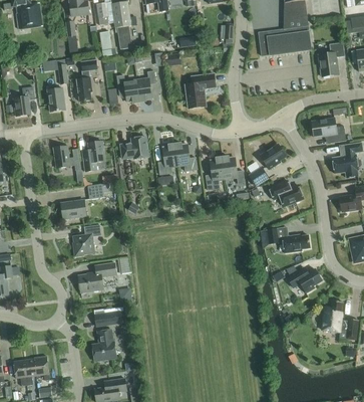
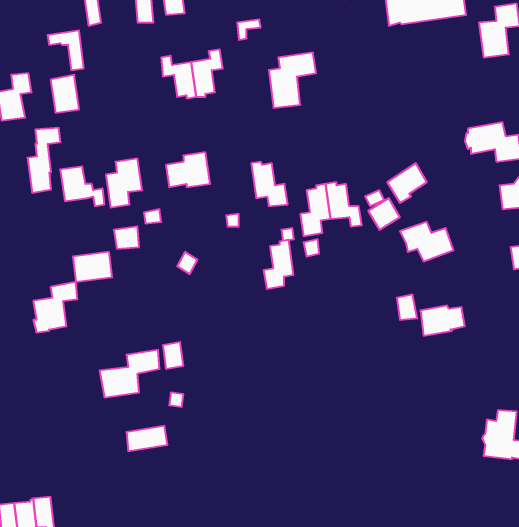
building: [76,60,97,102] -> [27,128,61,193]
building: [158,144,177,175] -> [264,240,294,289]
building: [73,224,101,256] -> [33,282,77,333]
building: [287,267,322,292] -> none
building: [92,330,116,361] -> none

